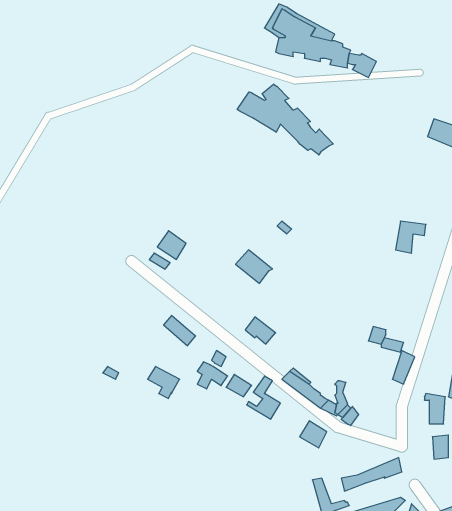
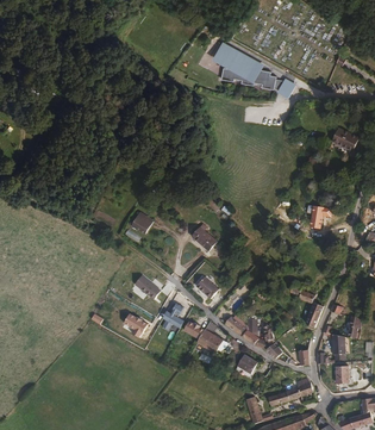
building: [237,84,333,155] -> none

